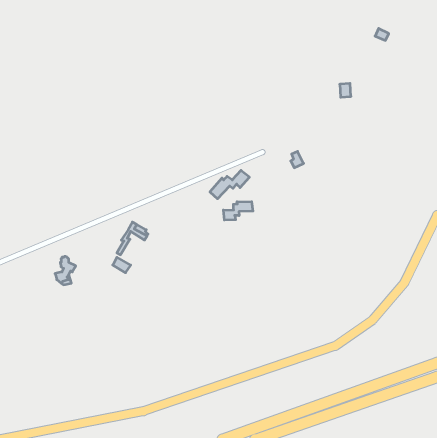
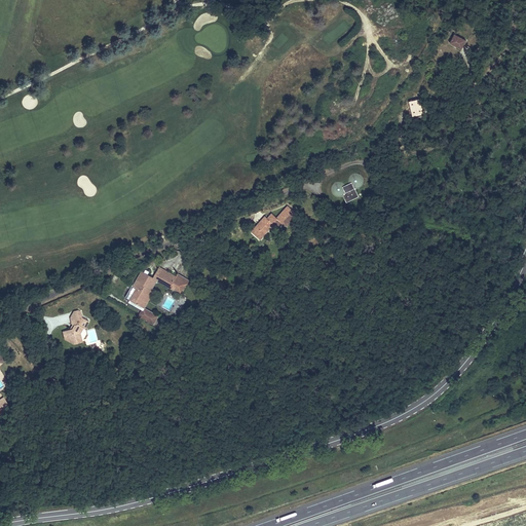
building: [223,202,253,220] -> none
building: none -> [130,268,153,304]

